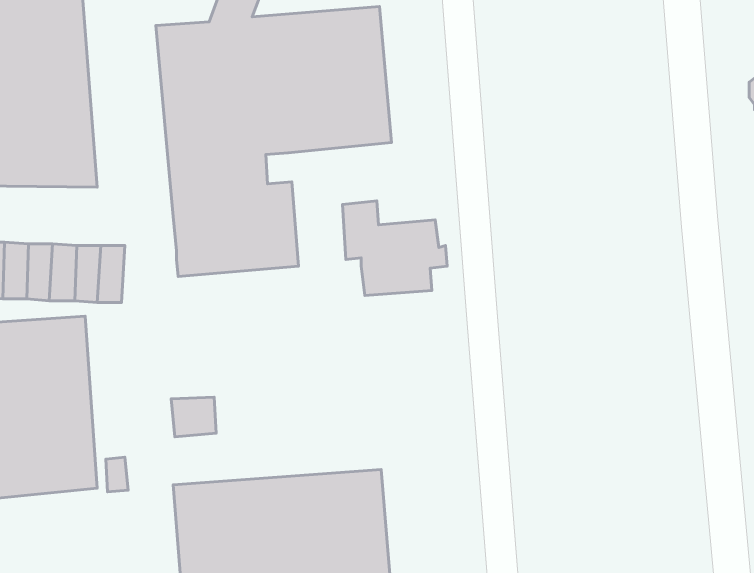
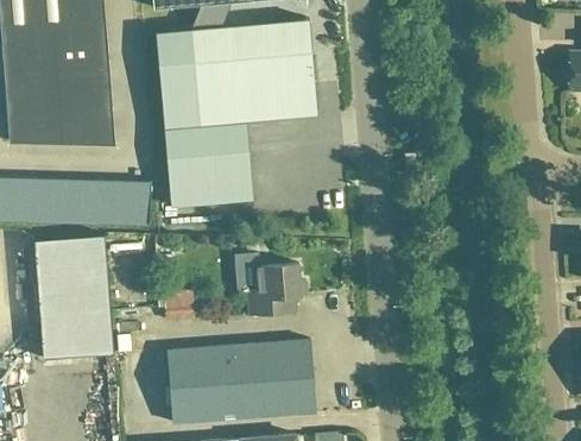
building: [342,201,447,296] -> [234,250,307,315]
building: none -> [131,184,151,225]

